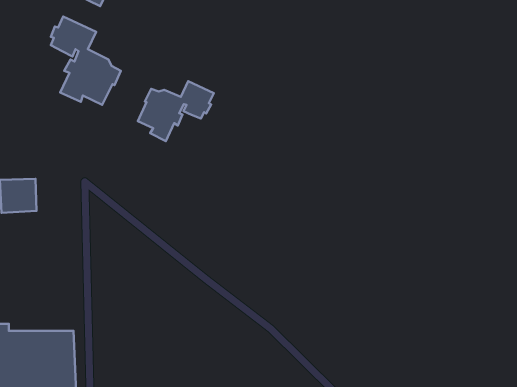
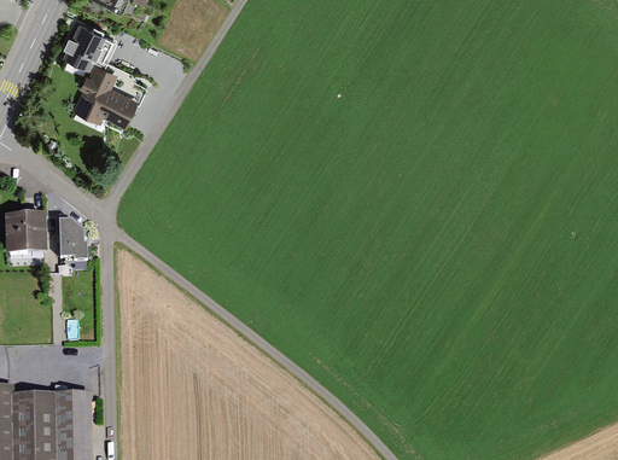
building: [138,81,214,141] -> none
building: none -> [56,215,84,258]

